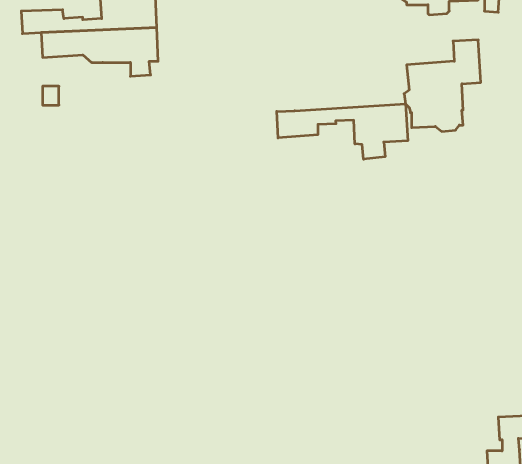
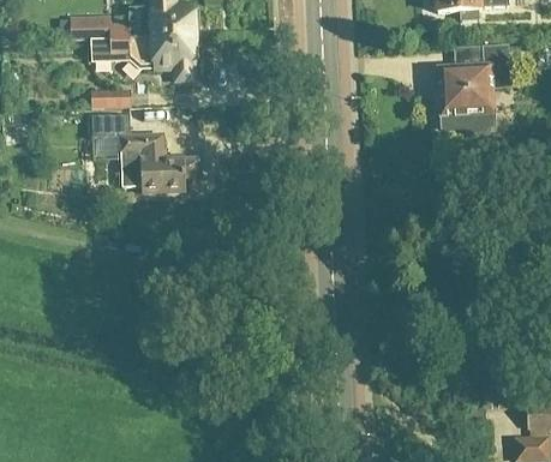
building: [277,104,408,159] -> none
building: none -> [90,115,198,193]

